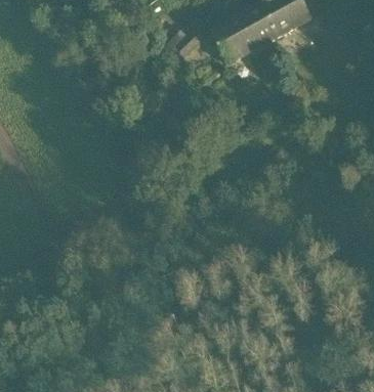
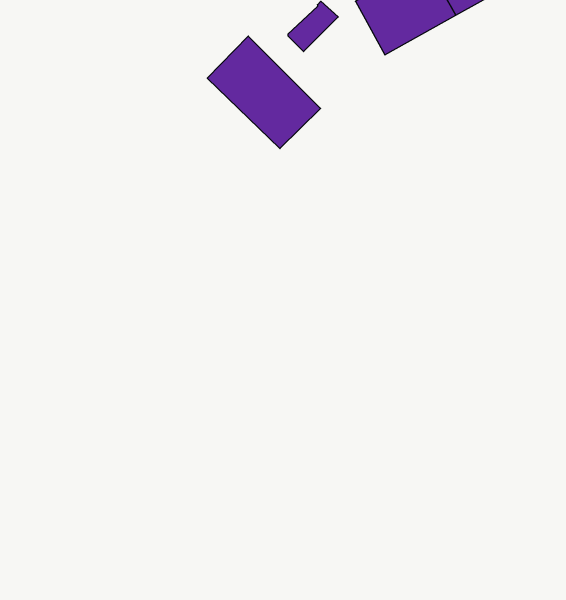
building: none -> [207,36,321,149]

